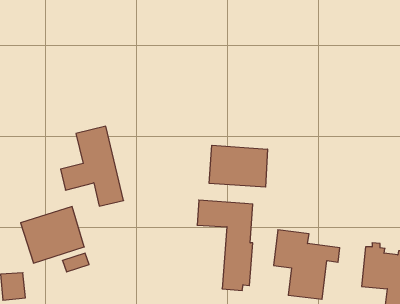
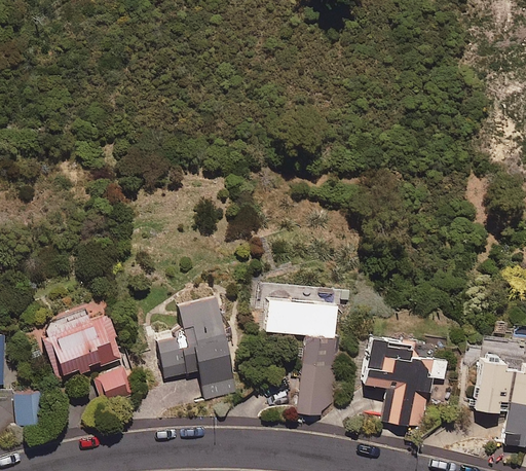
building: [61,126,124,206] -> [157,297,237,399]
building: [209,145,267,187] -> none

